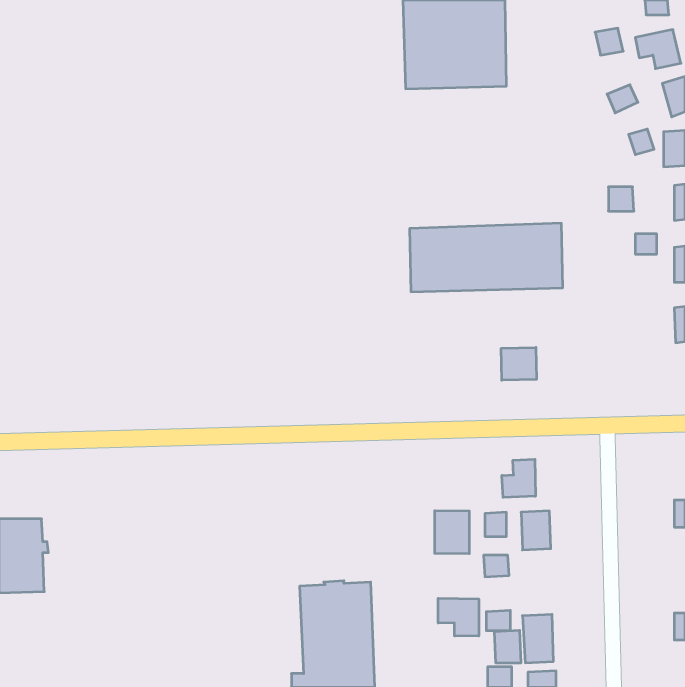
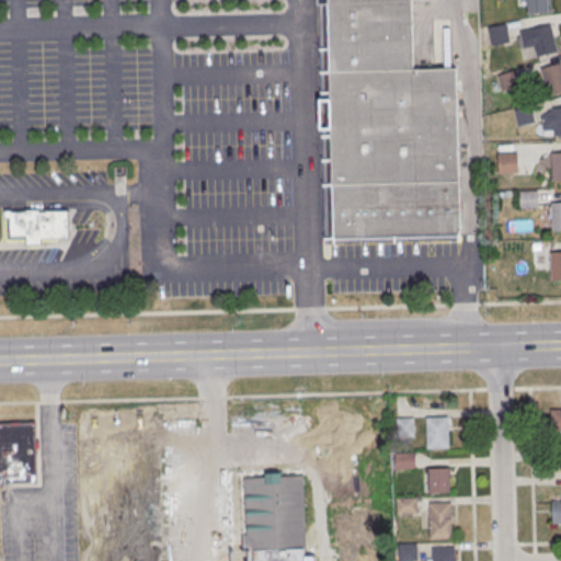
building: none -> [331,69,458,186]
building: none -> [5,210,69,245]
building: [501,347,536,380] -> none
building: [502,459,535,497] -> none
building: [435,511,469,554] -> none
building: [438,598,479,636] -> none
building: [494,630,521,663] -> [427,467,449,493]

